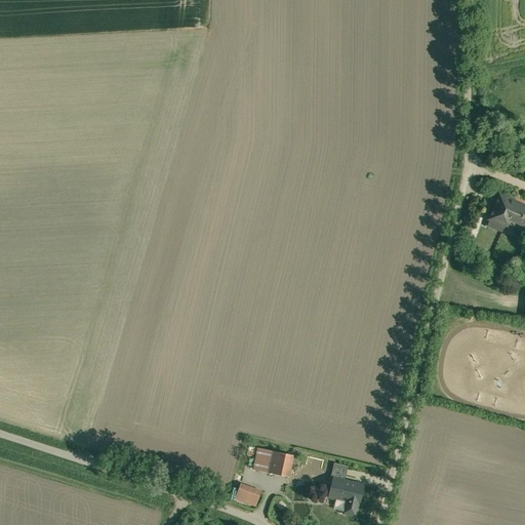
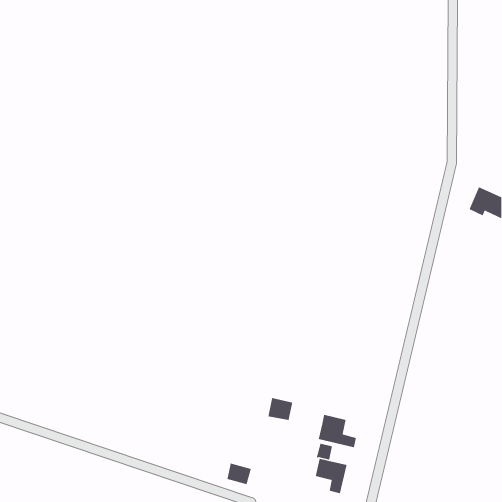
building: none -> [318,414,357,448]
building: [266,450,292,475] -> [268,397,293,421]

